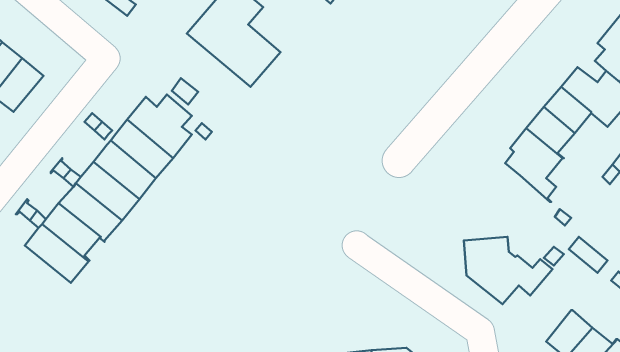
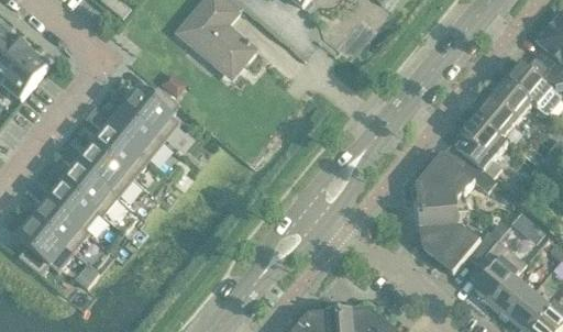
building: none -> [415,152,494,213]
building: none -> [15,218,71,274]
building: none -> [472,239,525,302]

